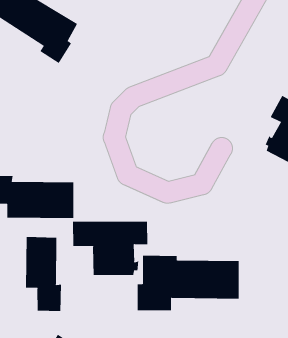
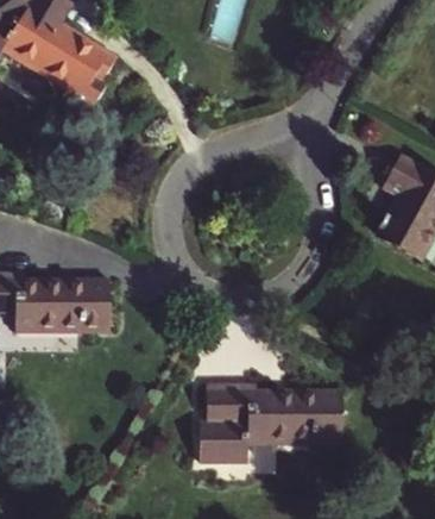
building: [73,221,148,276] -> none
building: [25,236,61,312] -> none

